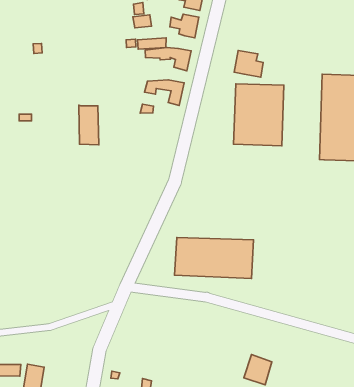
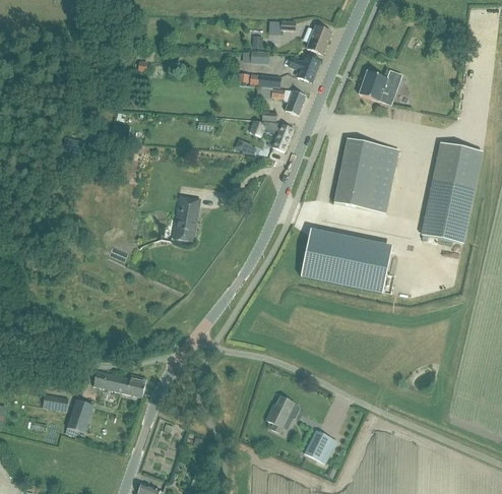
building: [234,50,263,77] -> [359,71,391,104]
building: [79,105,99,145] -> [173,195,199,241]
building: [174,237,254,278] -> [301,235,391,292]
building: none -> [266,395,299,433]
building: none -> [93,370,146,396]

